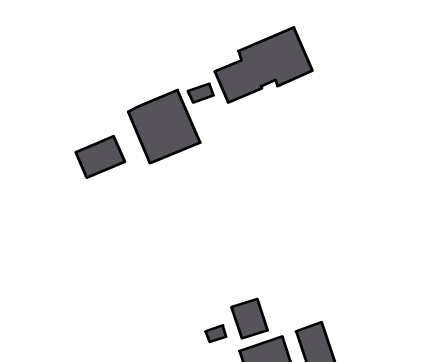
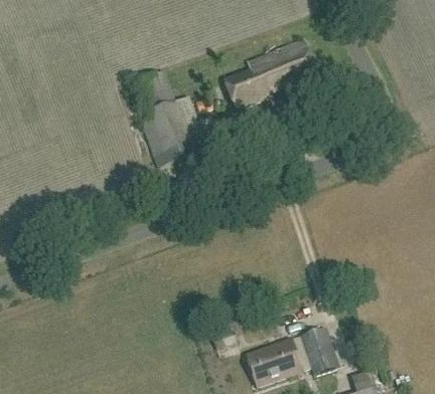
building: [76,136,125,178] -> none
building: [232,299,268,338] -> none

